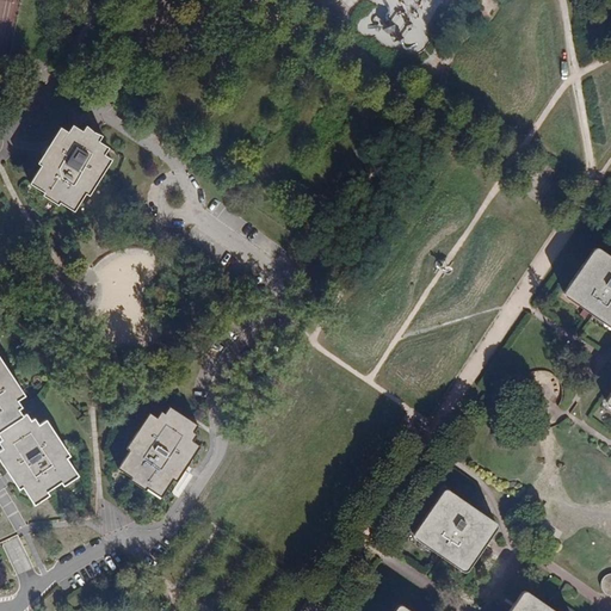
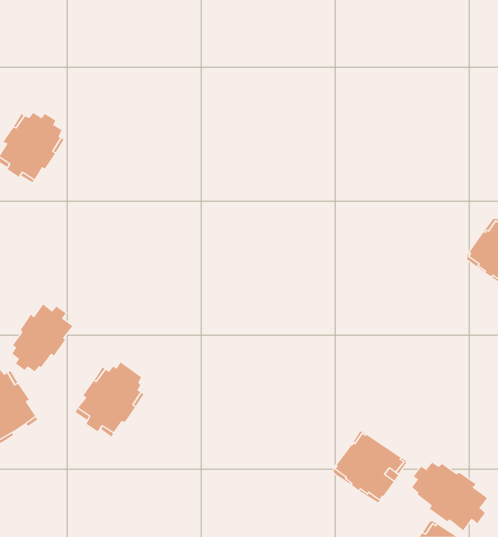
building: none -> [12,304,73,372]
building: none -> [412,462,488,531]

